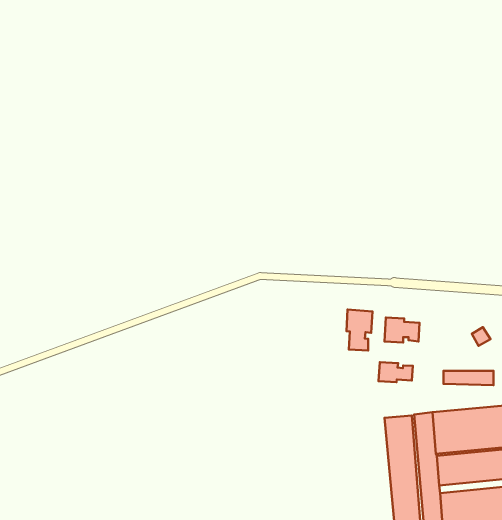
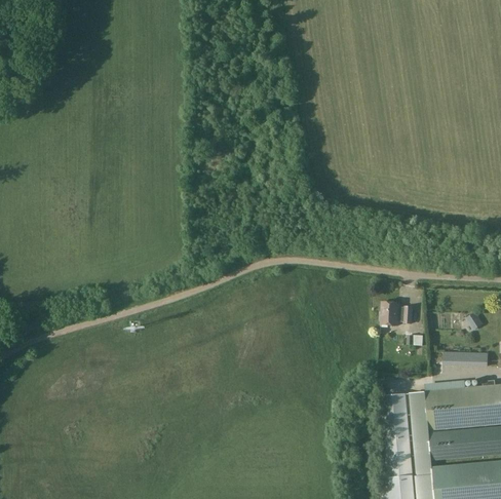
building: [346,310,372,350] -> none
building: [378,362,413,382] -> none

